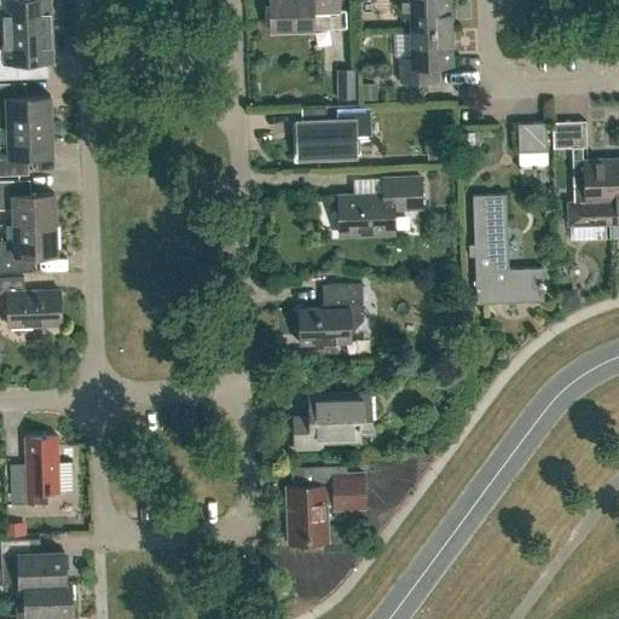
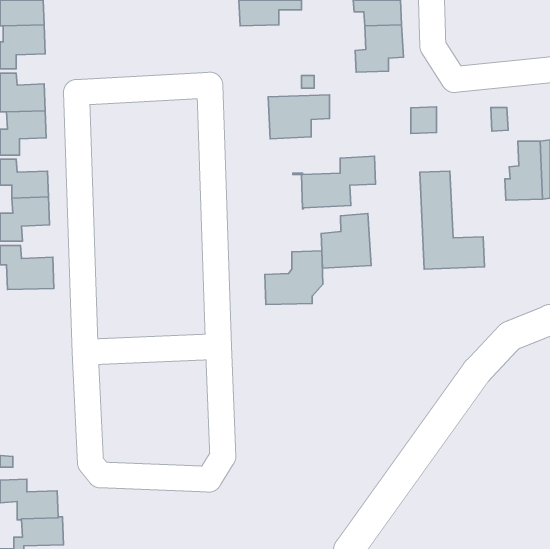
building: [517,122,546,152] -> [411,107,437,134]
building: none -> [321,213,371,268]
building: [294,393,370,451] -> none
building: [10,435,58,504] -> none
building: [287,465,364,540] -> none

